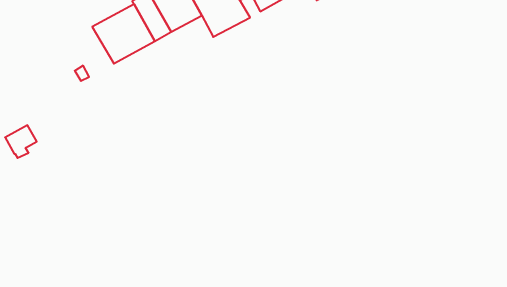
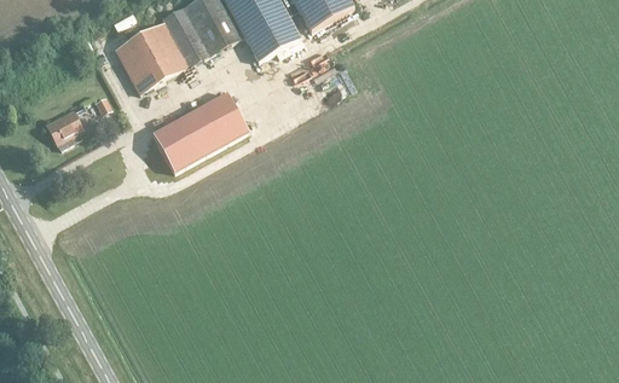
building: none -> [154,91,249,170]
building: [5,125,37,158] -> [46,109,83,147]

